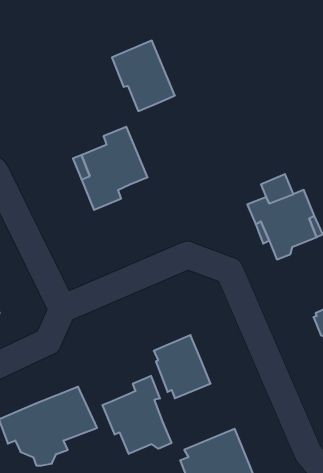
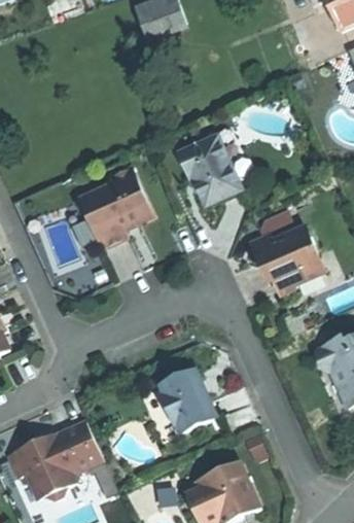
building: [112,41,175,111] -> [179,136,241,205]
building: [102,376,171,454] -> none

